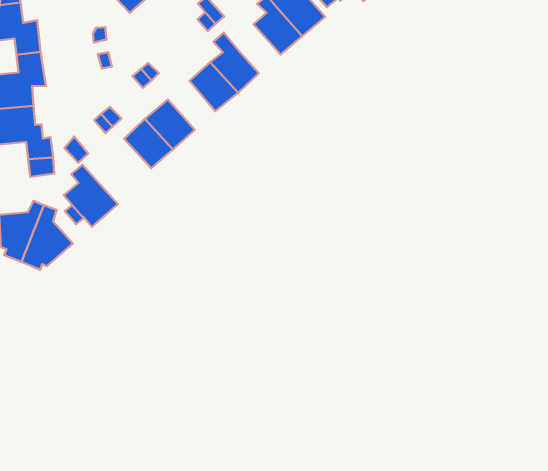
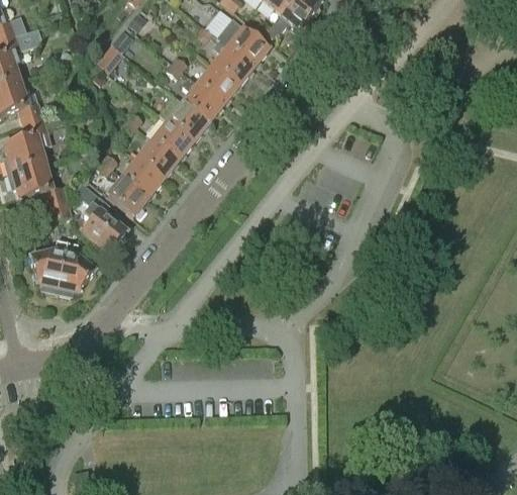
building: none -> [197,64,238,103]
building: none -> [152,119,193,159]
building: none -> [106,176,148,215]

